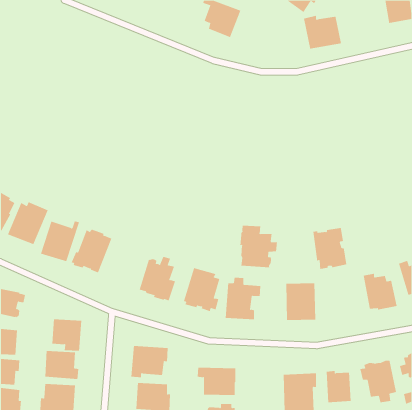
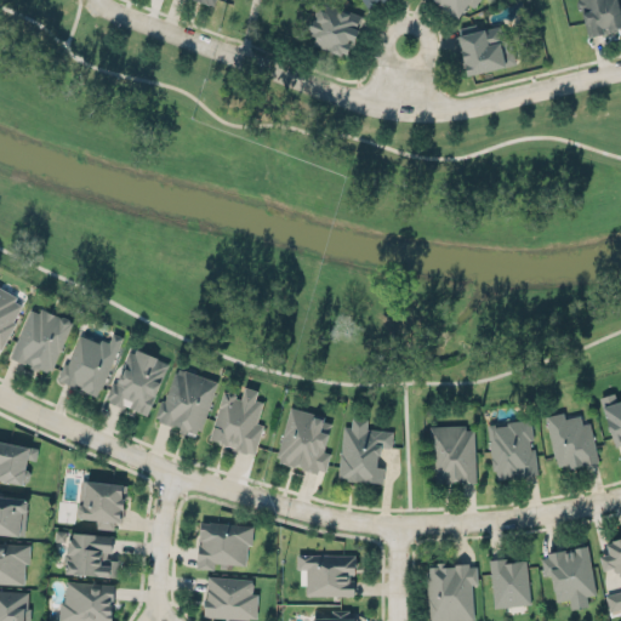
building: [240,225,277,268] -> none
building: [312,228,347,269] -> [486,418,539,482]
building: none -> [156,368,220,431]

